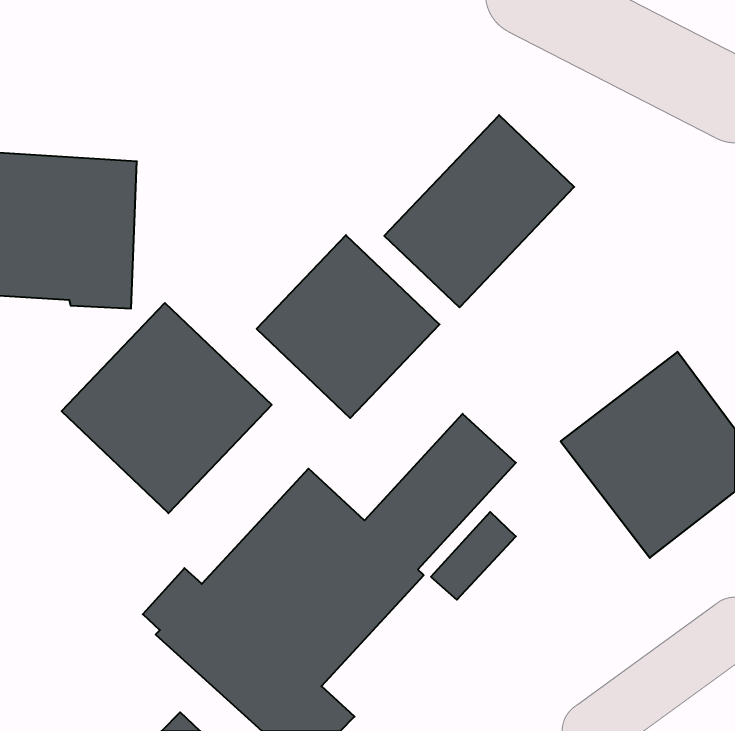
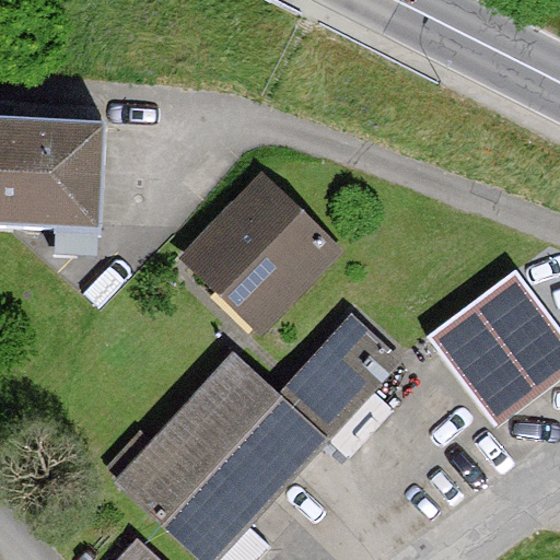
building: [384,115,574,307] -> none
building: [62,303,272,513] -> none

